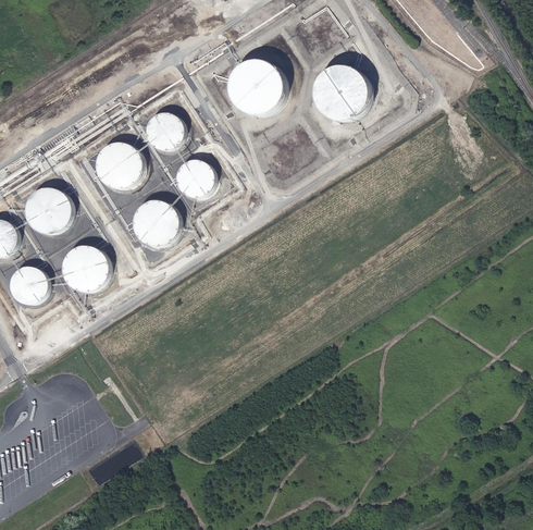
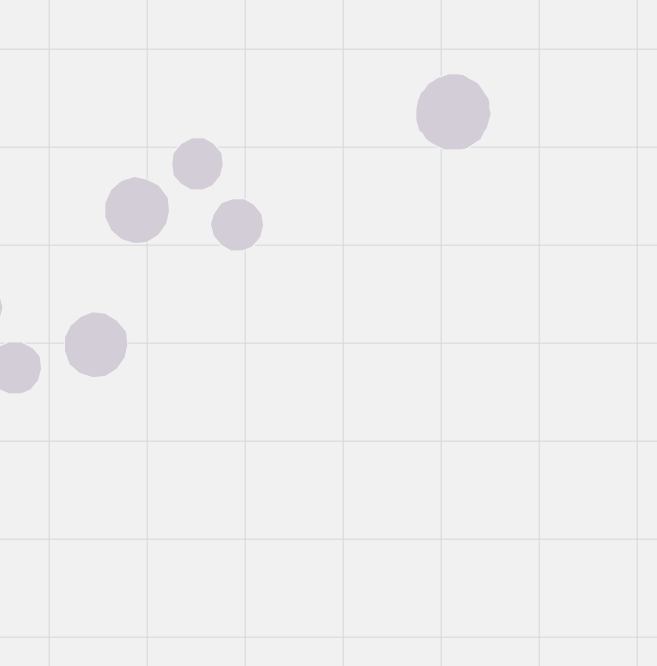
building: [226,61,283,116] -> none
building: [27,185,74,233] -> none
building: [133,198,179,246] -> none

